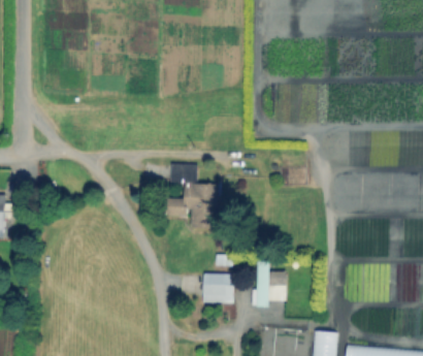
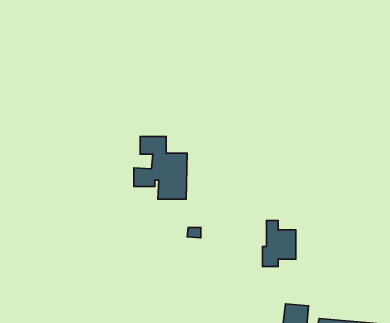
building: [253,262,286,308] -> [262,220,296,266]
building: [205,276,232,299] -> none

